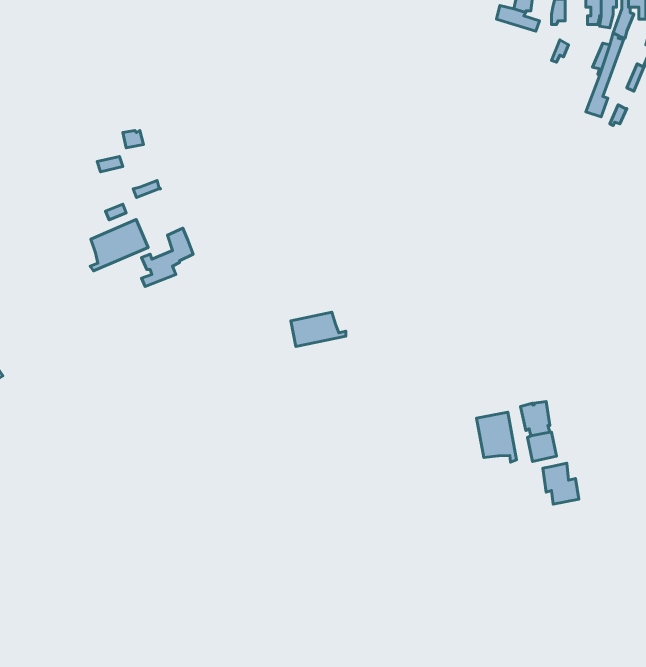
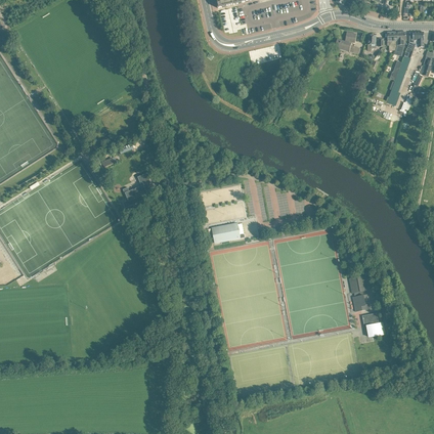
building: [90,220,148,271] -> none
building: [477,412,516,462] -> none

